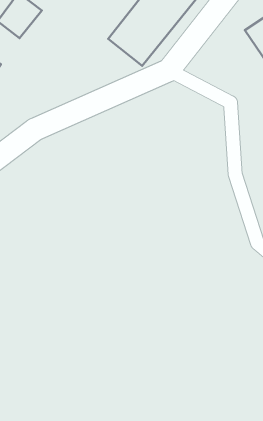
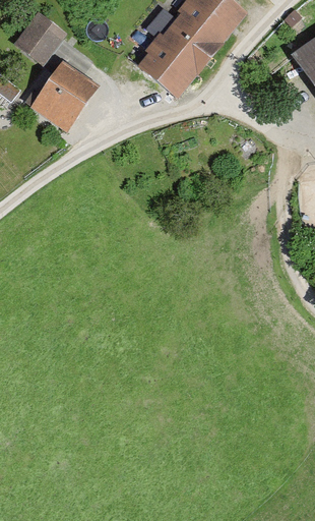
building: none -> [27,59,92,127]

